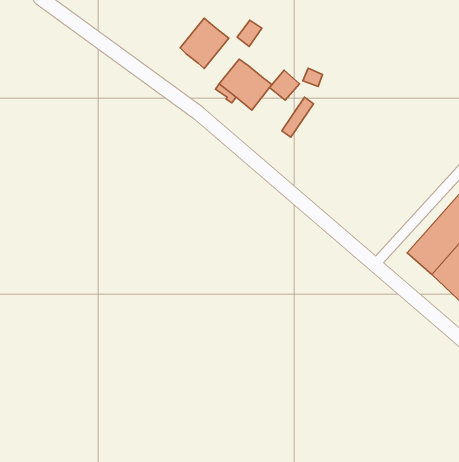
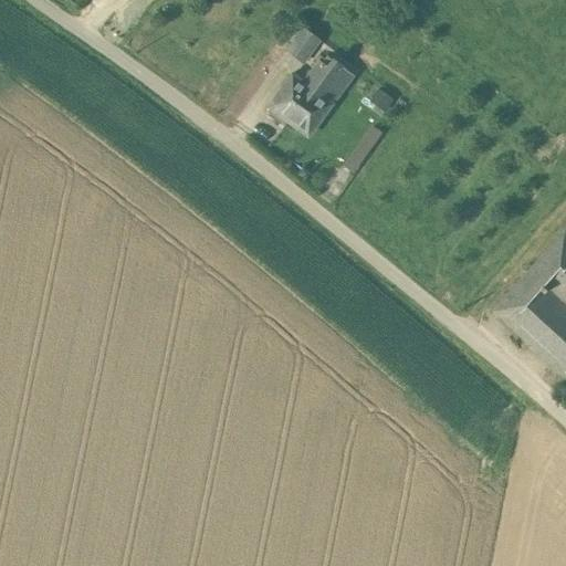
building: [180,18,229,68] -> none
building: [270,70,300,100] -> [308,59,345,95]

